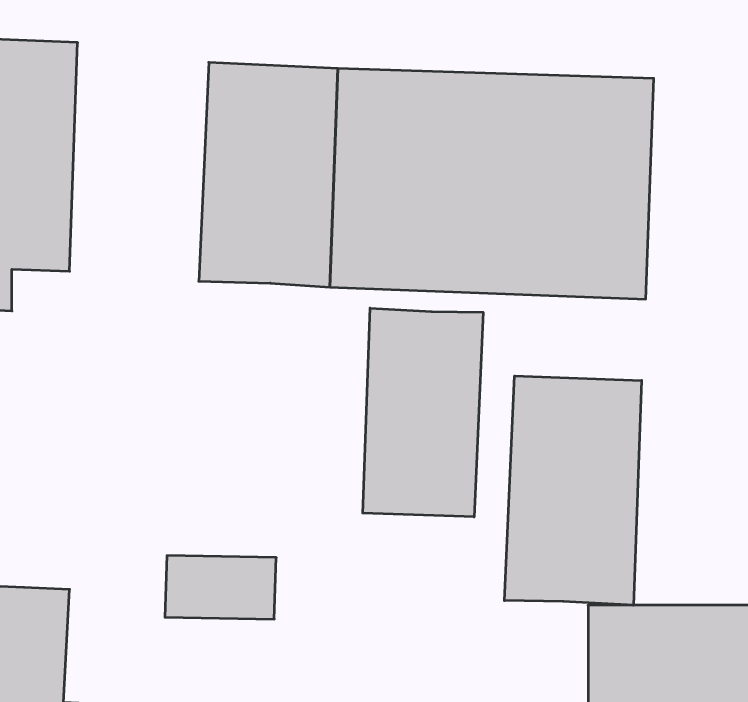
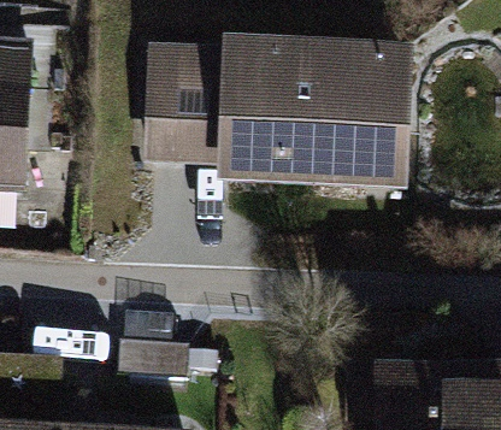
building: [363,308,483,517] -> none
building: [504,376,642,605] -> none

